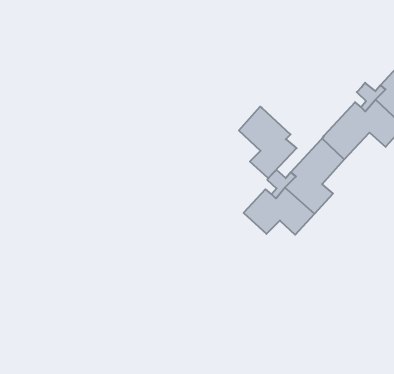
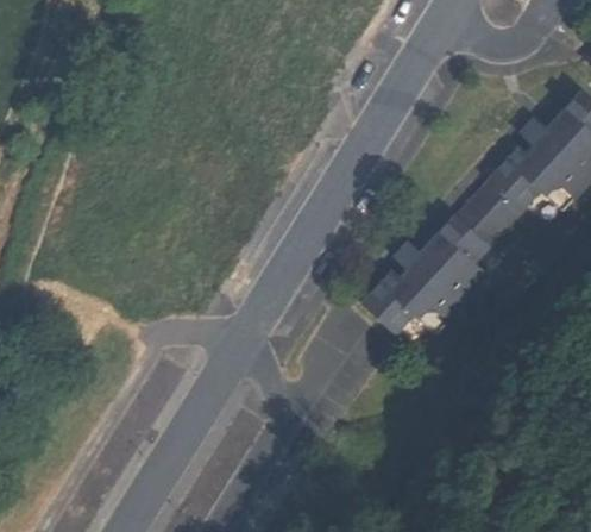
building: [239,107,297,178] -> none

